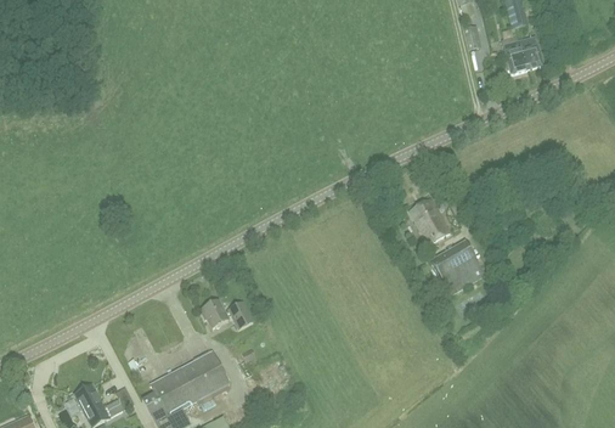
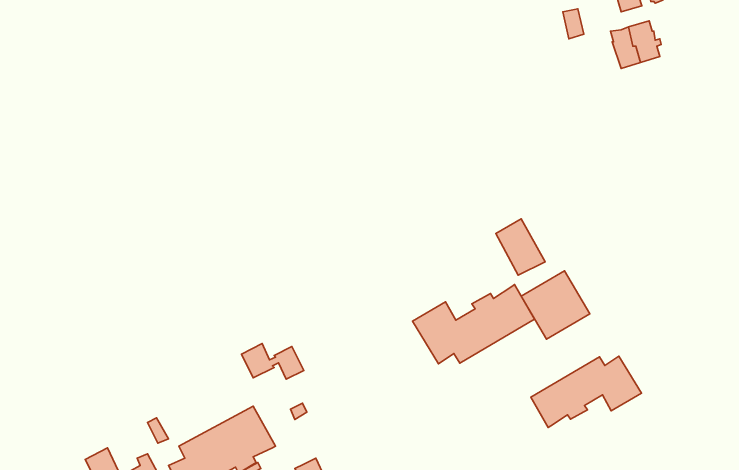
building: none -> [413,285,535,364]
building: none -> [531,356,642,428]

